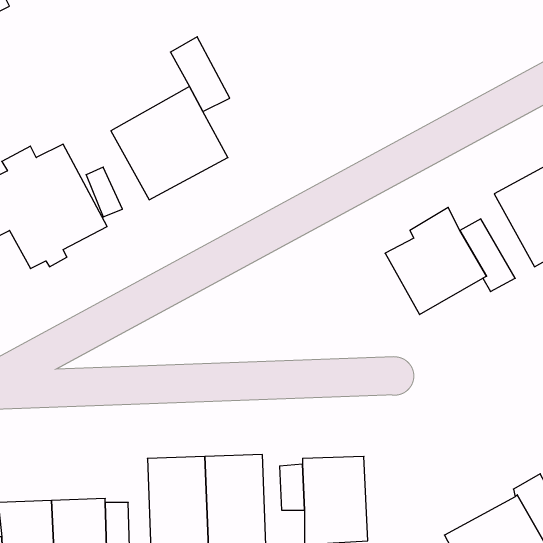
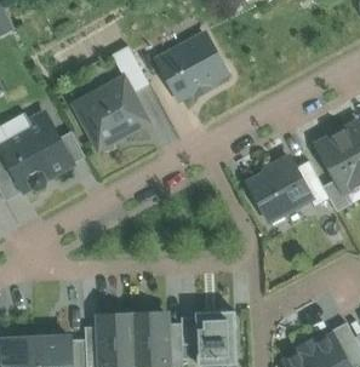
building: none -> [153,29,229,102]

